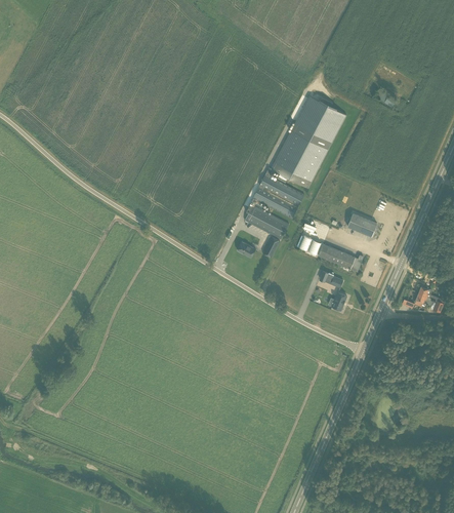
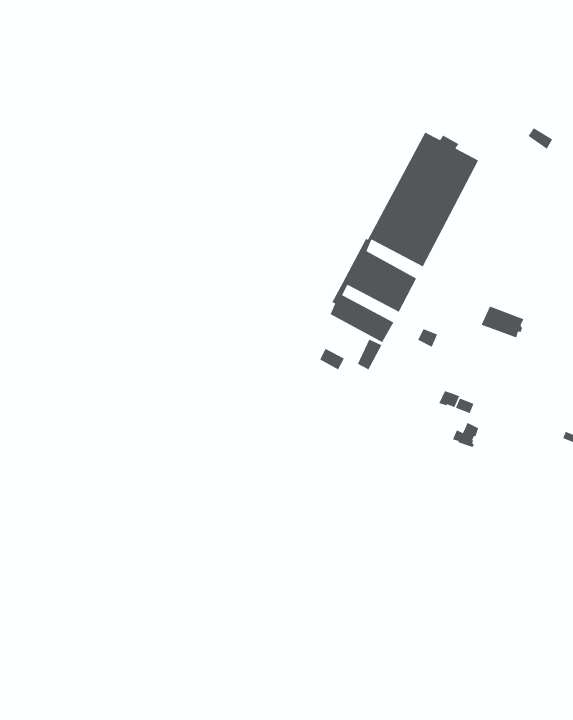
building: [318,243,362,271] -> none

